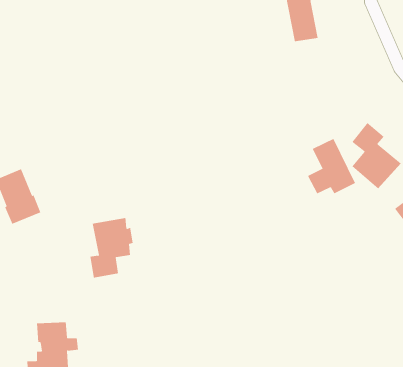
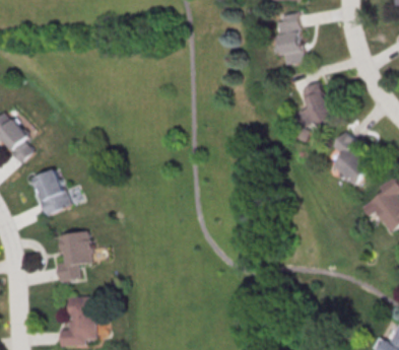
building: [307,138,356,194] -> [294,82,335,129]
building: [90,217,133,278] -> [56,231,92,282]

